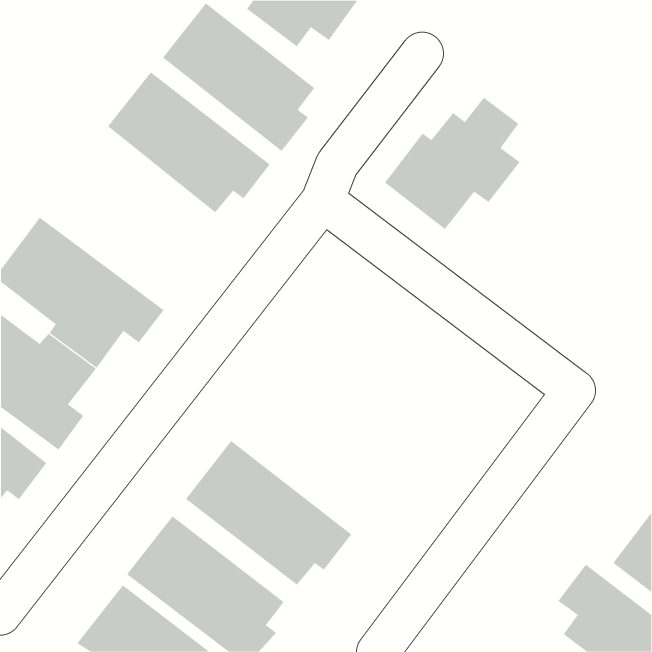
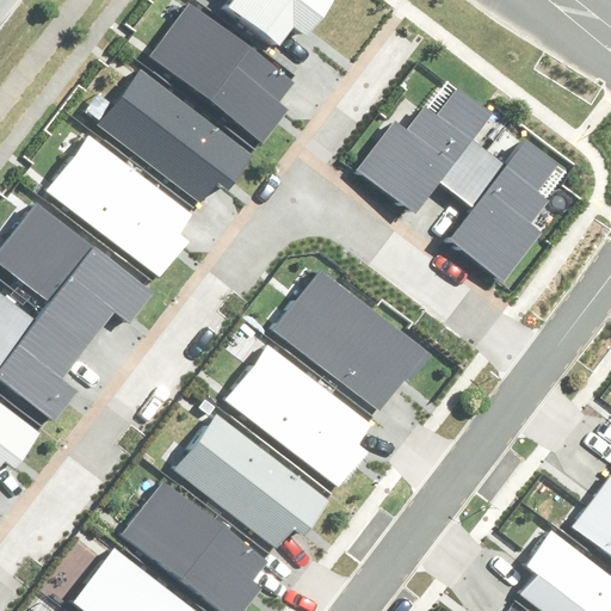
building: none -> [49,134,192,273]
building: none -> [445,143,556,279]
building: none -> [276,271,432,408]
building: none -> [224,345,372,488]

